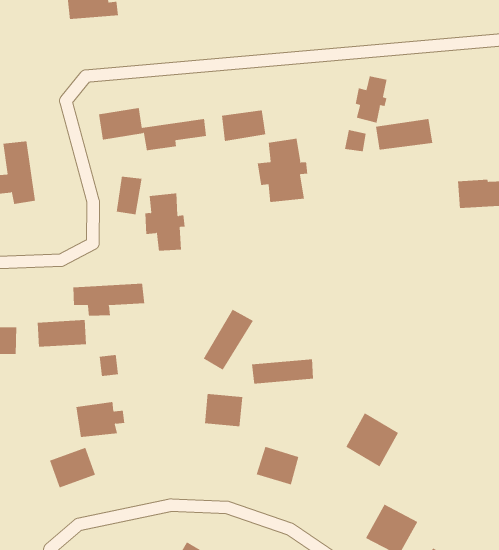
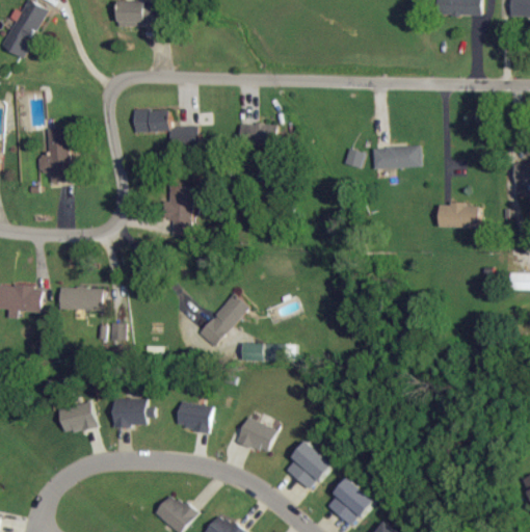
building: [355,76,387,124] -> none
building: [257,138,308,203] -> none
building: [116,176,142,215] -> none
building: [73,283,145,317] -> none
building: [204,393,243,427] -> [176,399,212,431]
building: [76,402,125,437] -> [112,397,154,425]
building: [345,413,399,467] -> [284,440,332,488]

